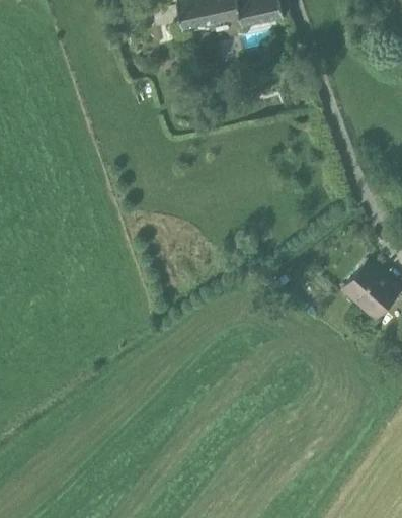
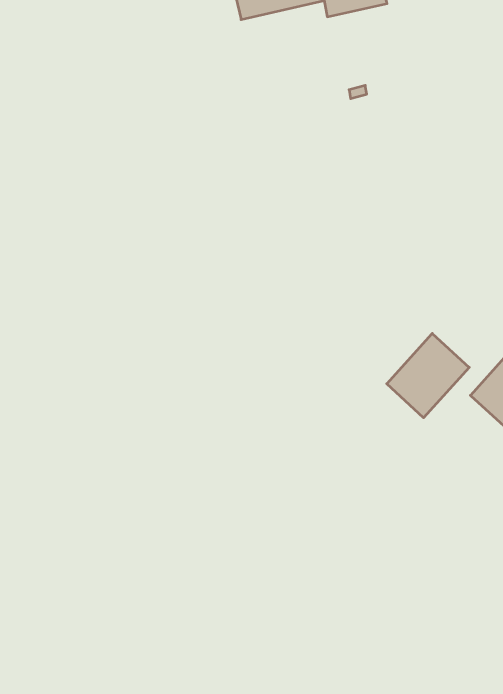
building: none -> [387,333,469,418]

